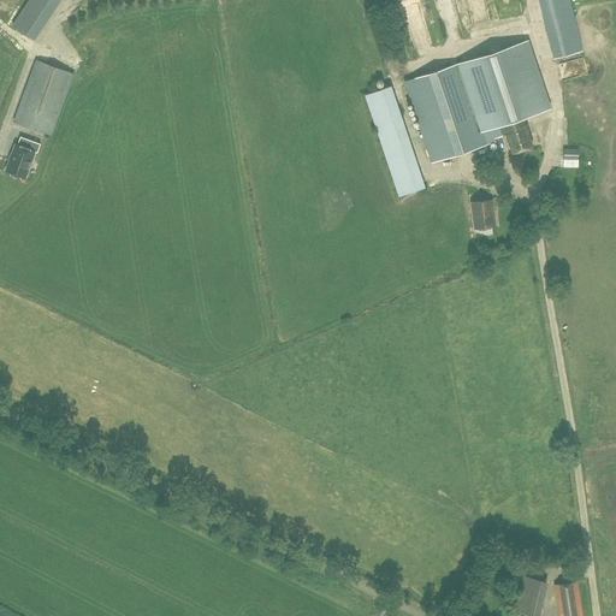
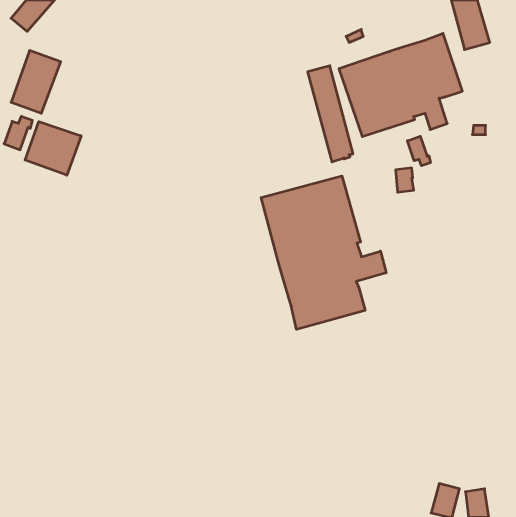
building: none -> [25,122,81,175]
building: none -> [407,136,430,166]
building: none -> [261,176,386,329]

